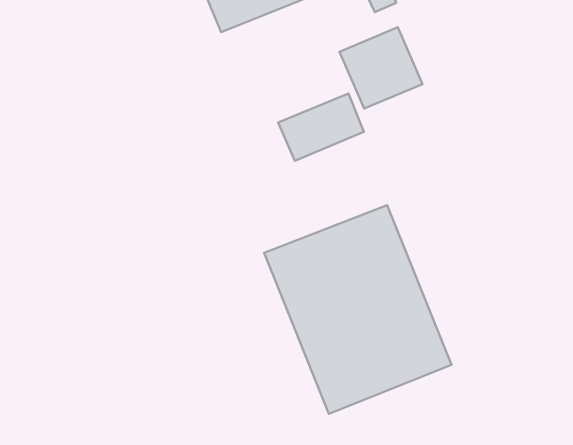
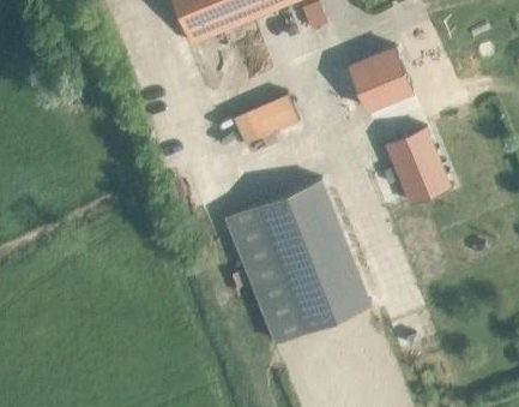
building: [339,27,422,109] -> [349,48,414,112]
building: none -> [387,130,451,205]

